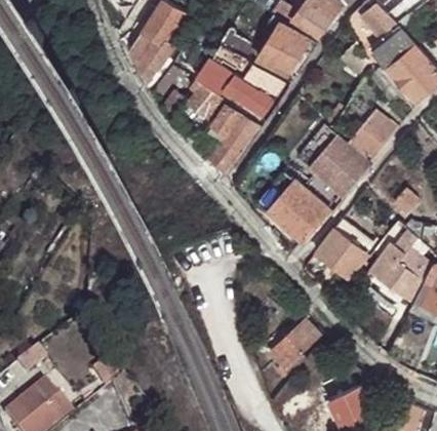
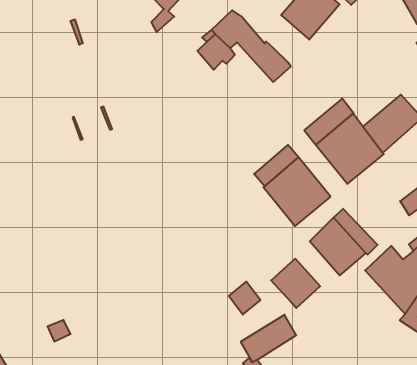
building: [230,52,283,97] -> none
building: [207,104,256,174] -> none
building: none -> [271,259,320,308]

